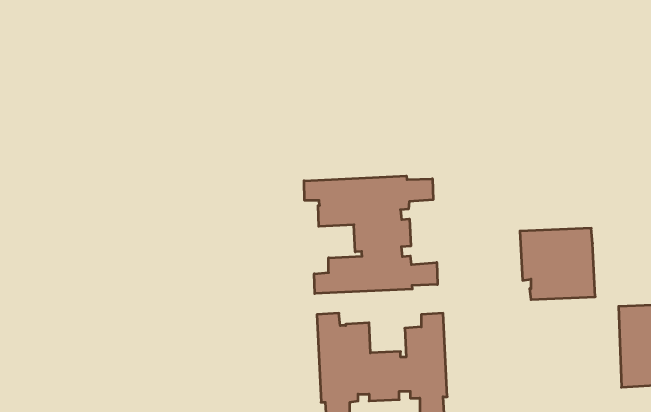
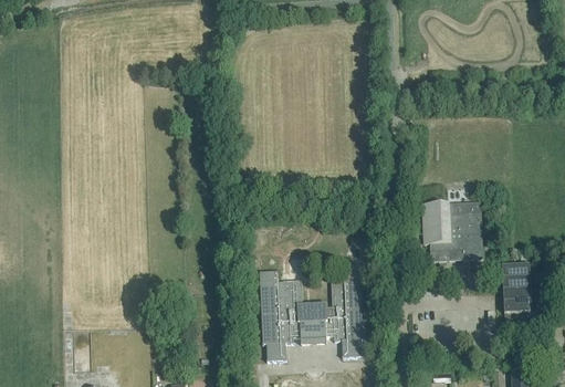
building: [304,176,437,294] -> none

